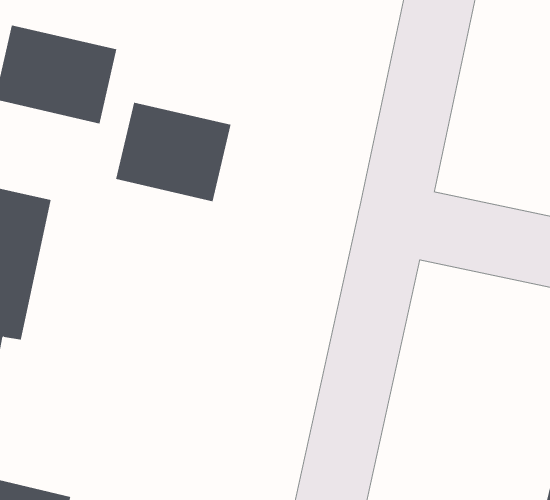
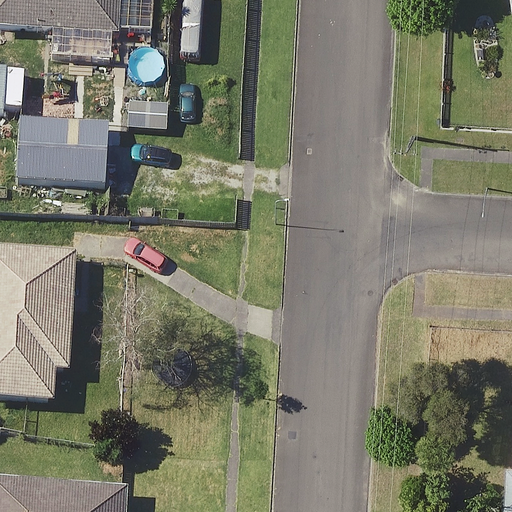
building: [116,102,231,202] -> none

